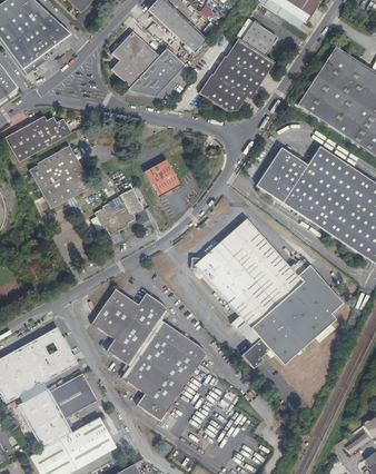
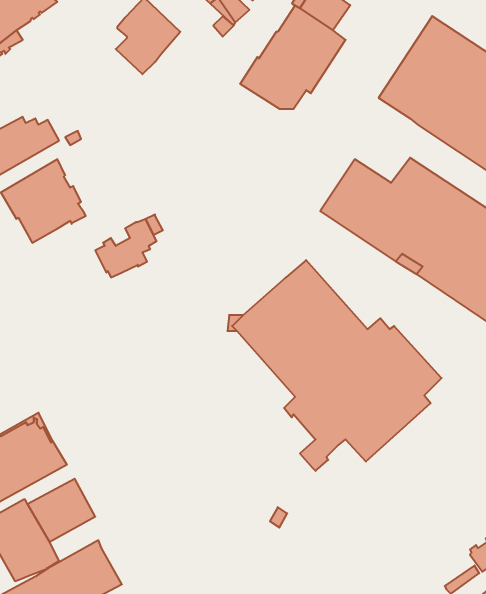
building: [129,47,186,97] -> none
building: [144,158,180,196] -> none
building: [91,288,204,421] -> none

